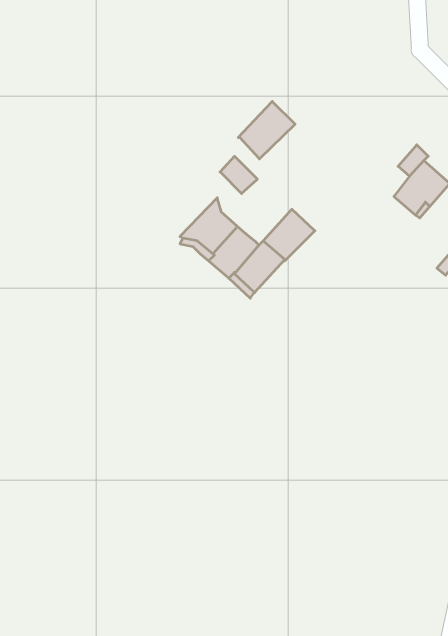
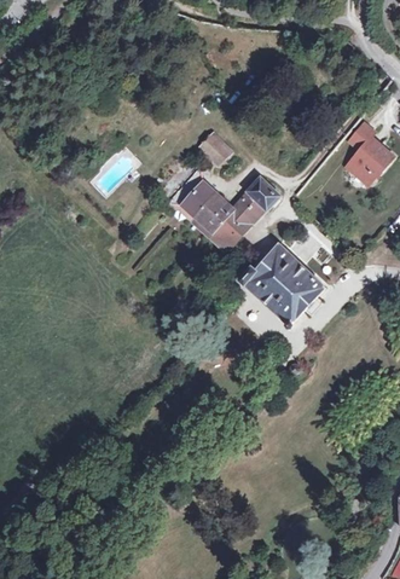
building: [238,101,295,159] -> none
building: none -> [239,243,325,328]

